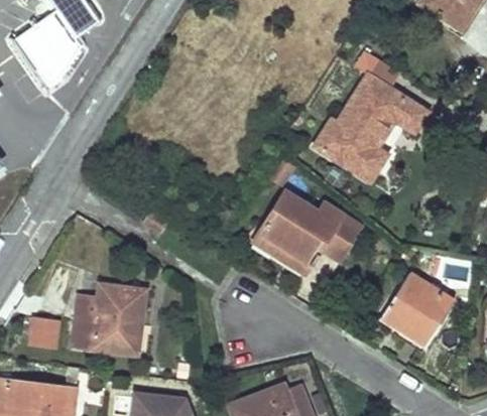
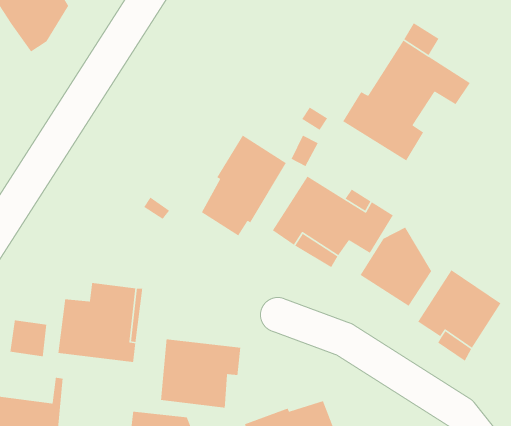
building: none -> [201,134,287,237]
building: none -> [359,226,432,307]
building: none -> [160,339,241,408]

